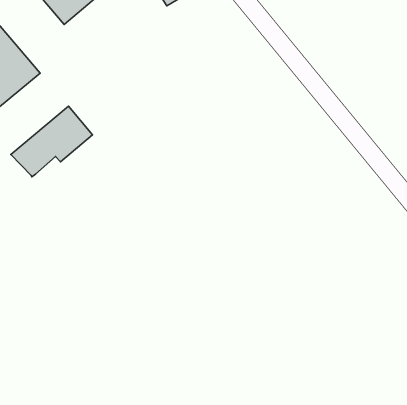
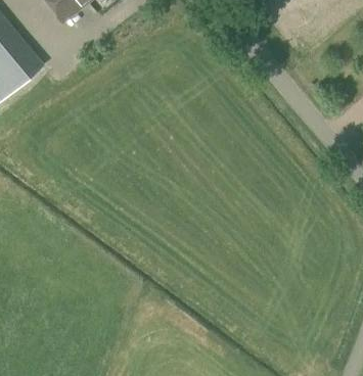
building: [11,106,93,177] -> none

